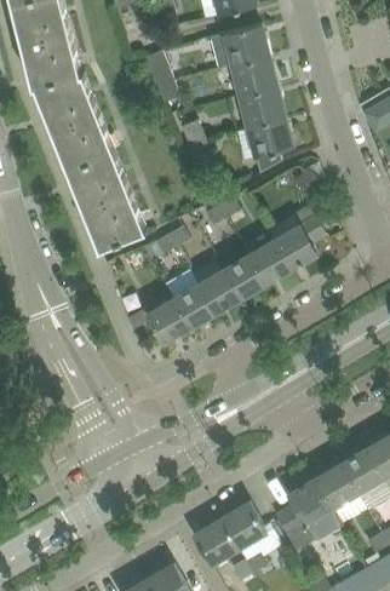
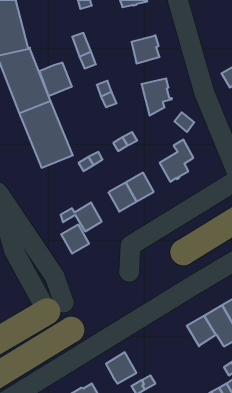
building: [210,25,264,69] -> none
building: [239,86,282,127] -> none
building: none -> [40,62,72,96]
building: [248,242,288,285] -> none
building: [172,286,213,328] -> [61,225,89,253]
building: [276,481,340,550] -> none
building: [222,504,266,550] -> none

